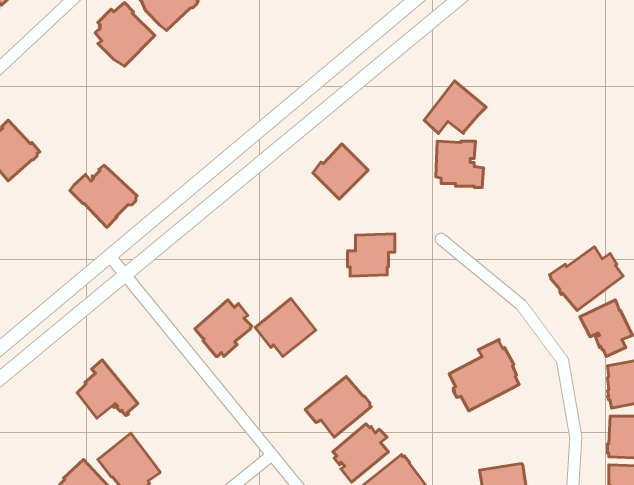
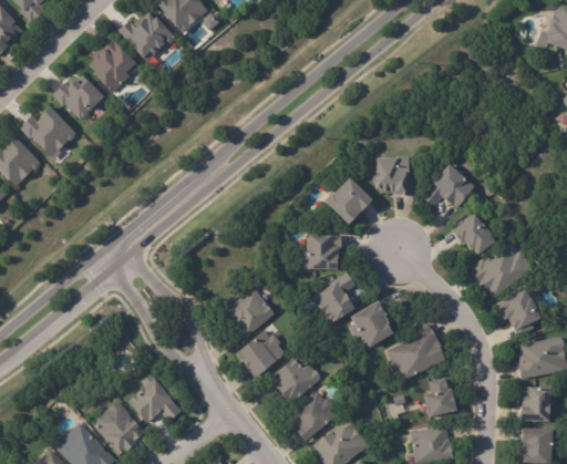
building: none -> [53,75,106,121]
building: [424,81,486,134] -> [423,164,475,208]
building: [313,144,368,199] -> [327,178,373,225]
building: [70,165,137,227] -> [21,107,78,159]
building: none -> [453,215,496,255]
building: none -> [312,272,357,323]
building: [195,300,252,356] -> [237,329,285,377]
building: none -> [350,299,393,347]
building: [77,360,138,418] -> [130,374,181,423]
building: none -> [423,377,456,416]

